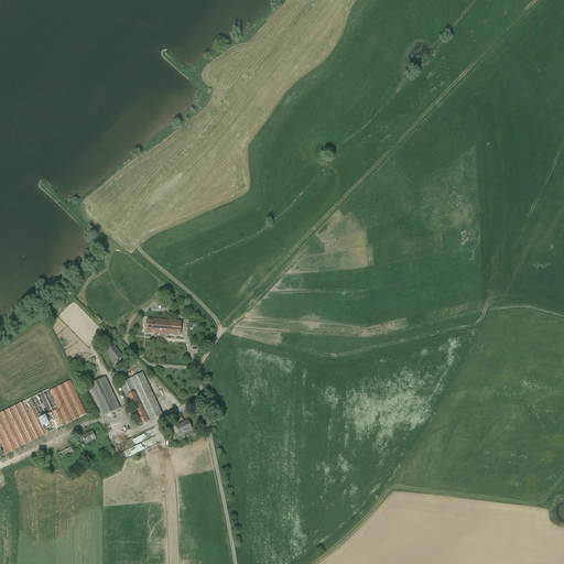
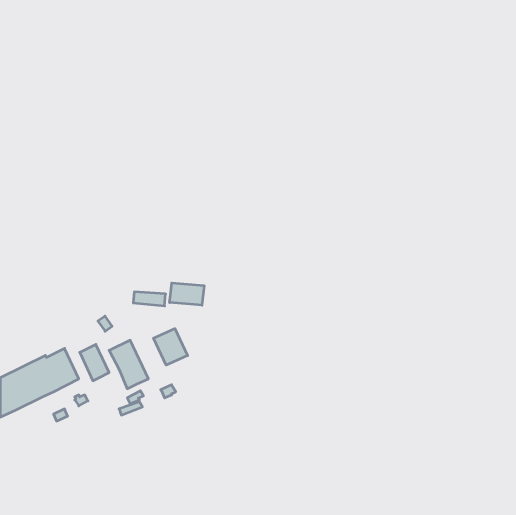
building: none -> [170,283,204,305]
building: none -> [154,329,188,365]

